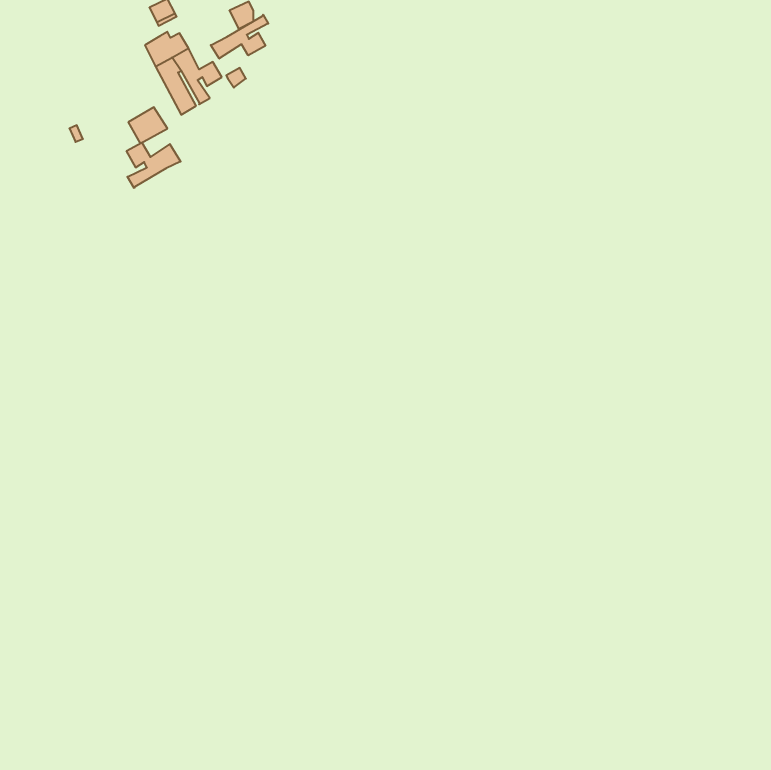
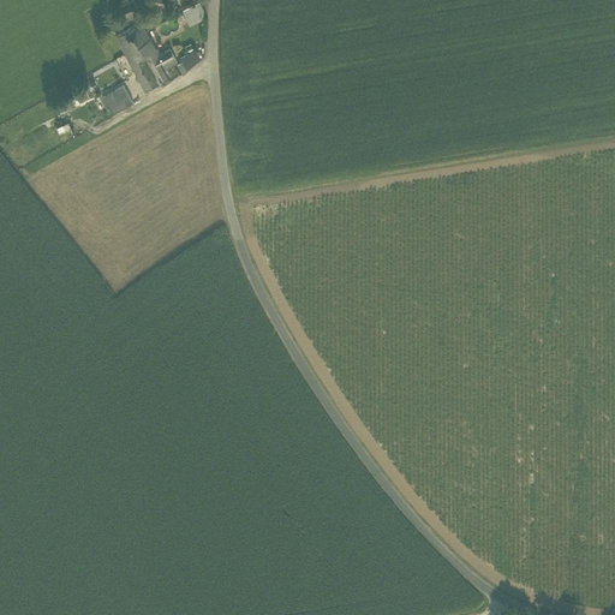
building: [211,15,268,59] -> none
building: [127,143,181,188] -> none

